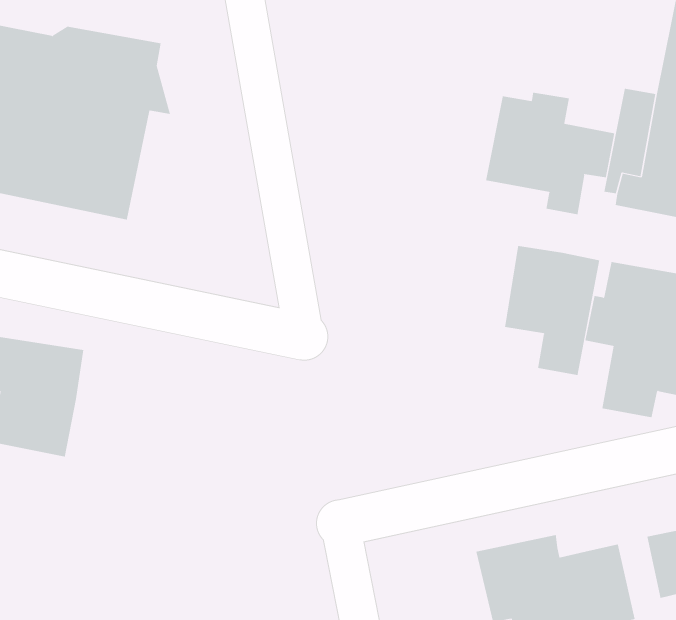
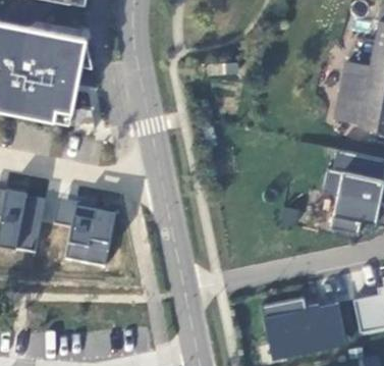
building: [485,92,615,215] -> none
building: [504,245,600,376] -> none
building: none -> [44,198,117,267]

